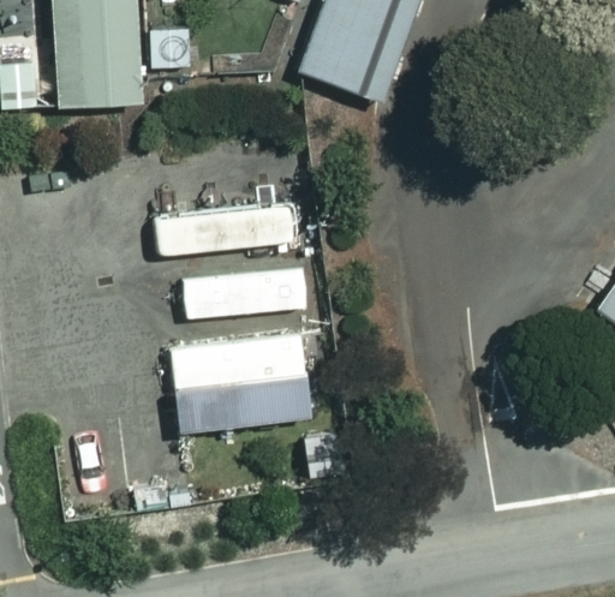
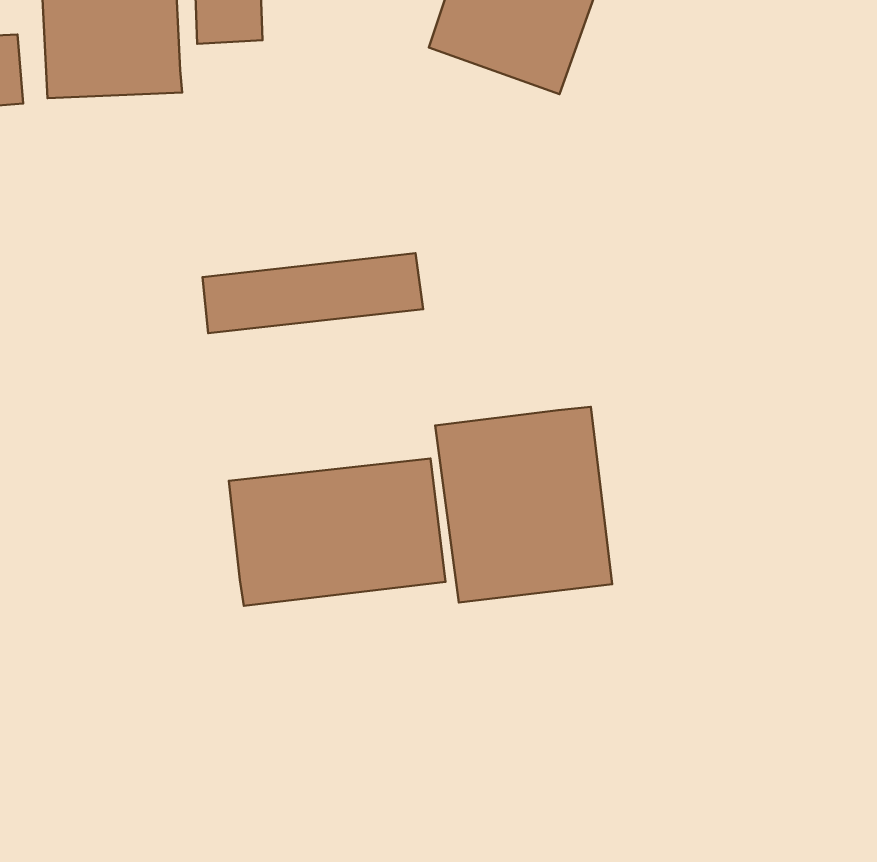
building: none -> [435,407,612,603]

